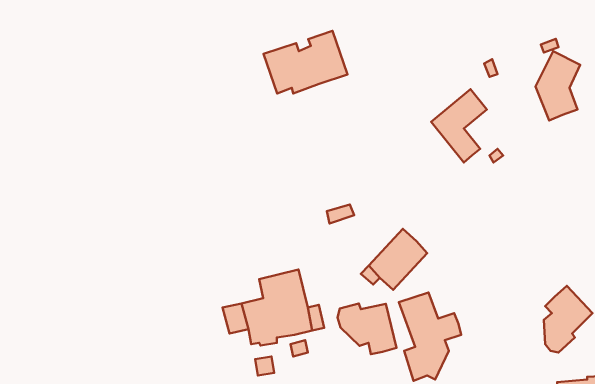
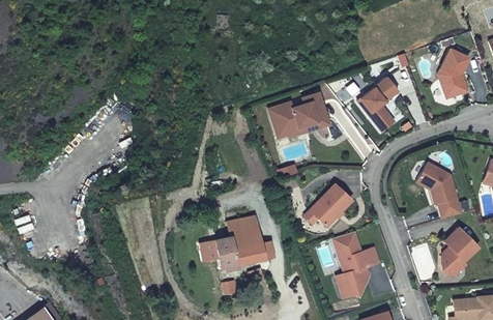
building: [264,31,348,93] -> [266,91,330,139]
building: none -> [415,161,461,220]
building: [337,304,396,354] -> none

